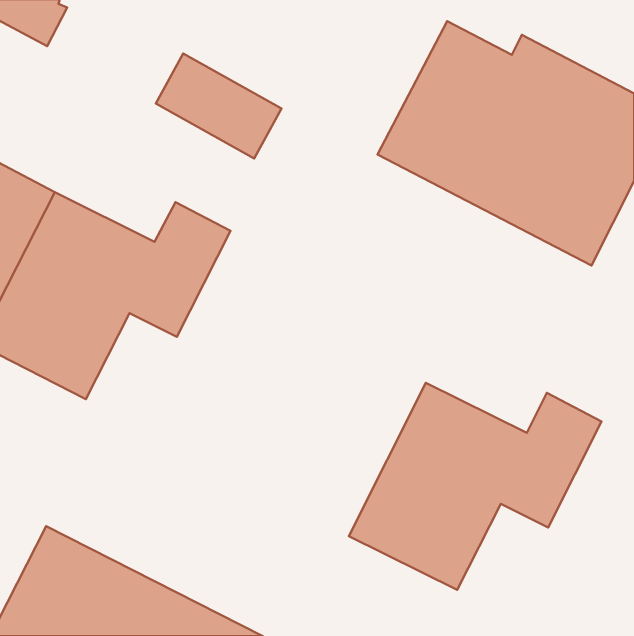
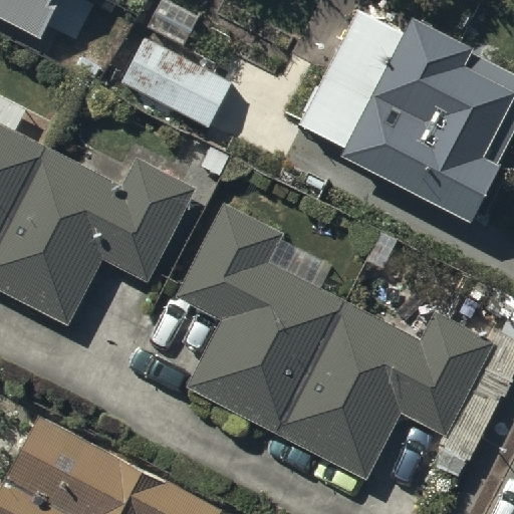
building: none -> [191,213,343,432]

